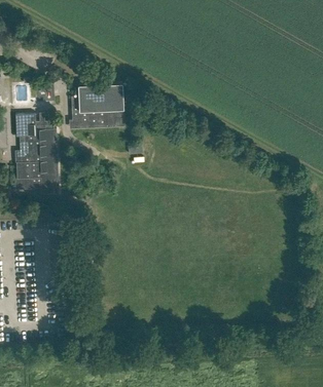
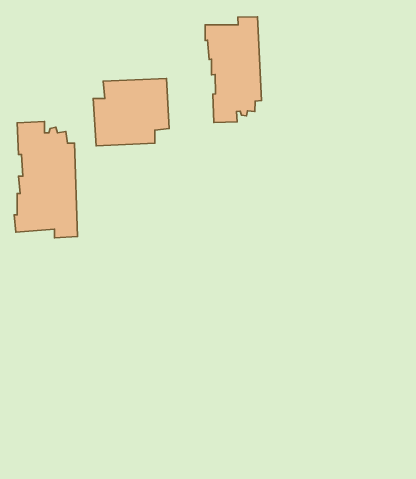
building: none -> [205,17,261,122]

